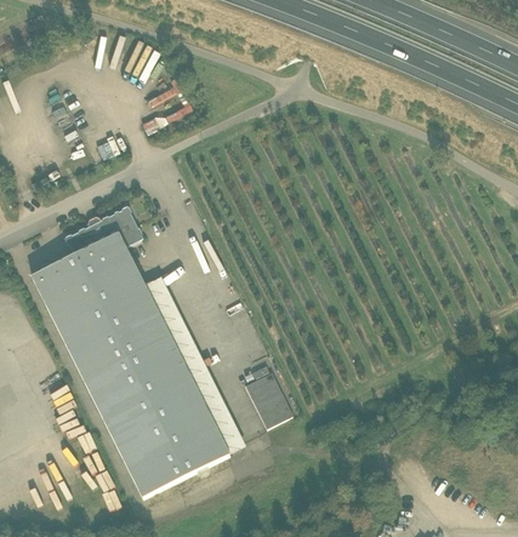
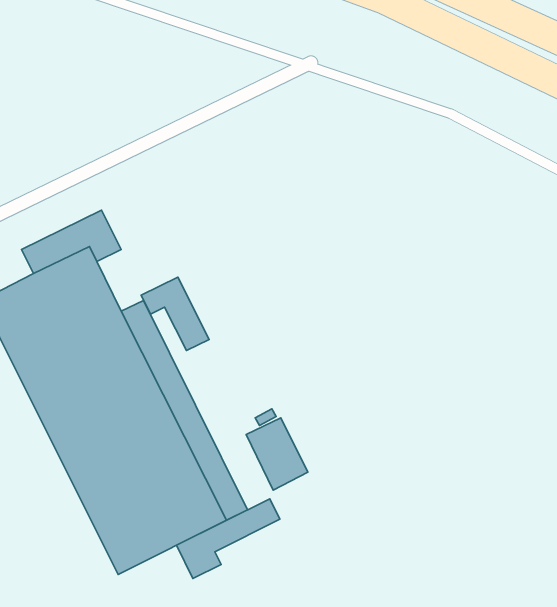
building: none -> [141,277,209,351]
building: none -> [176,499,280,579]

